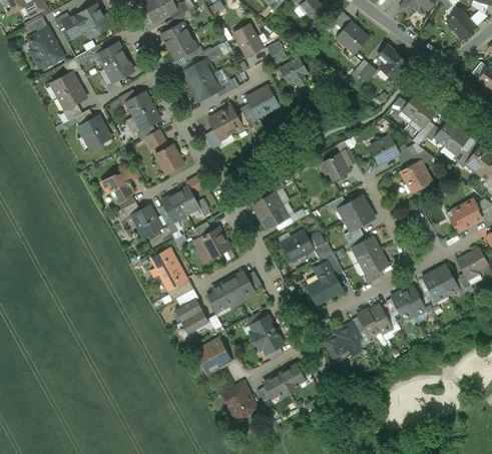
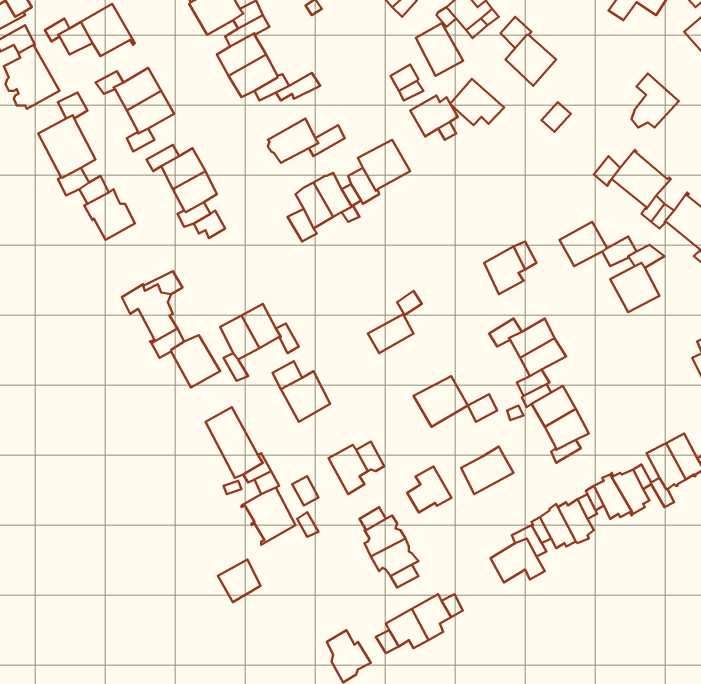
building: [233,24,263,56] -> [416,23,463,76]
building: [379,46,408,79] -> [631,73,679,127]
building: none -> [450,79,504,125]
building: [183,58,214,86] -> none
building: [155,144,183,173] -> none
building: [260,204,288,230] -> none
building: [316,252,343,280] -> [407,467,451,513]
building: [213,281,240,308] -> none
building: [200,343,226,369] -> [218,560,261,602]

